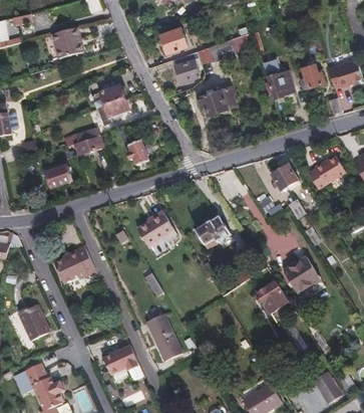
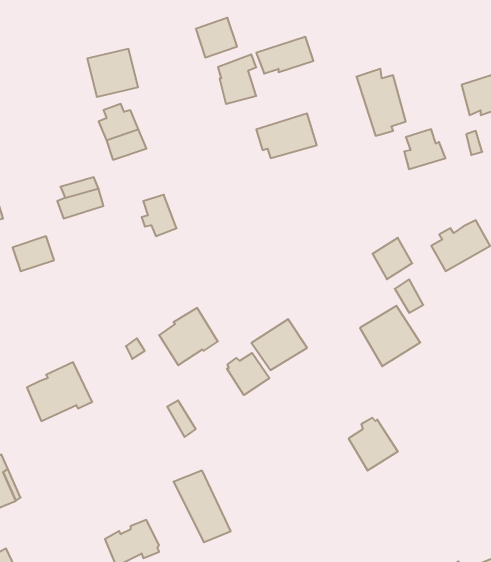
building: [51,28,83,58] -> [87,49,138,97]
building: [299,65,325,90] -> [404,129,446,169]
building: none -> [227,353,269,395]
building: [283,257,321,295] -> [360,306,420,366]

